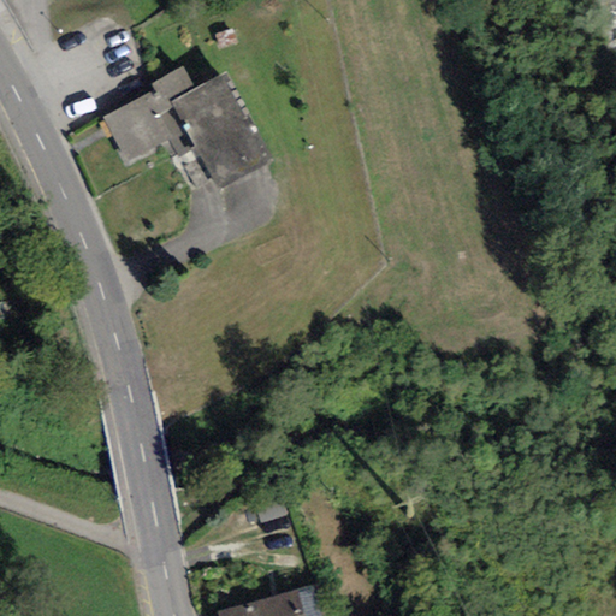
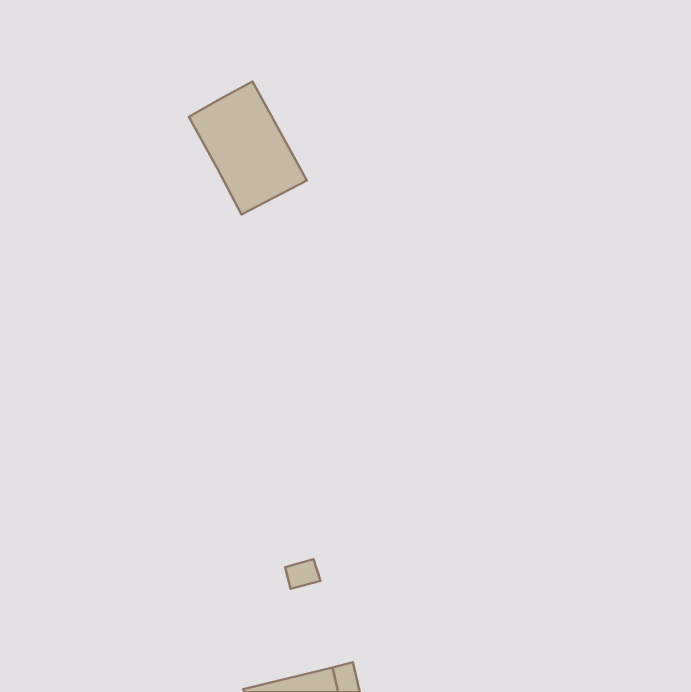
building: [100,67,195,160] -> none

